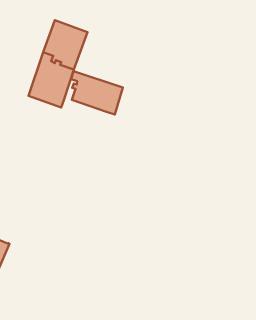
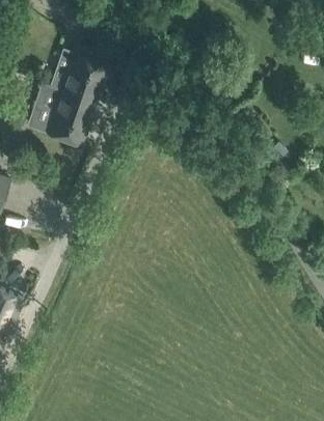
building: [71,71,123,114] -> none

